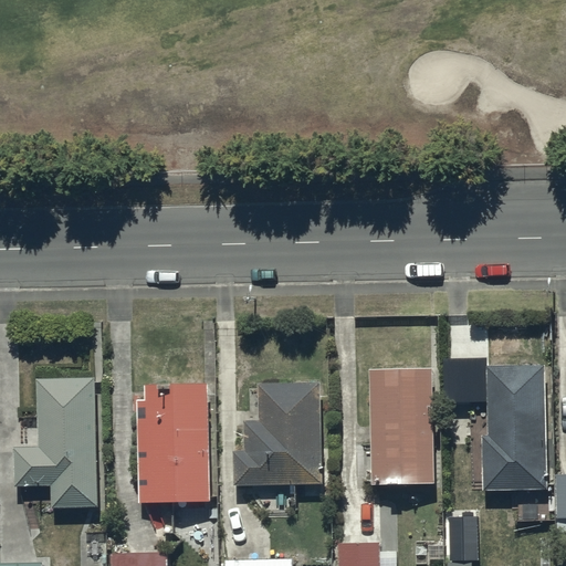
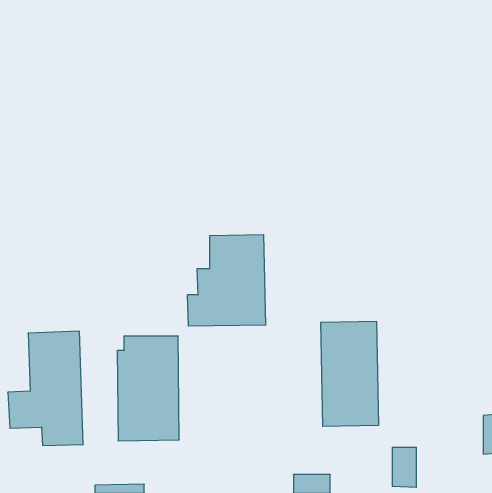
building: [480,365,547,491] -> none
building: [232,381,322,485] -> [187,235,266,326]

